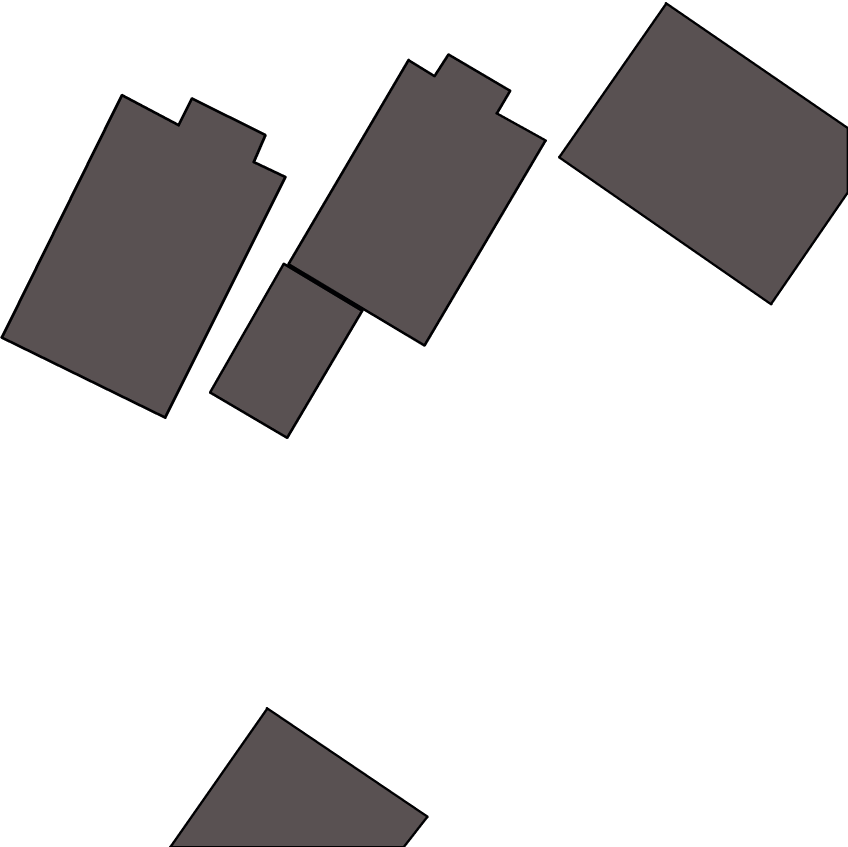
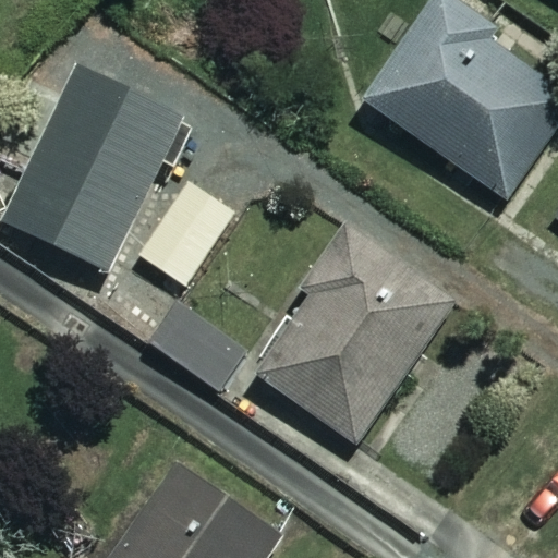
building: [289,55,546,345] -> none
building: none -> [254,230,452,442]

